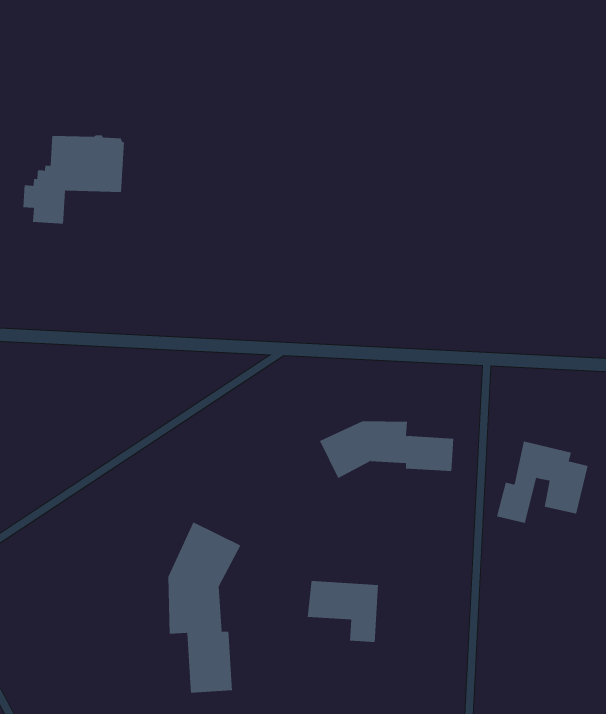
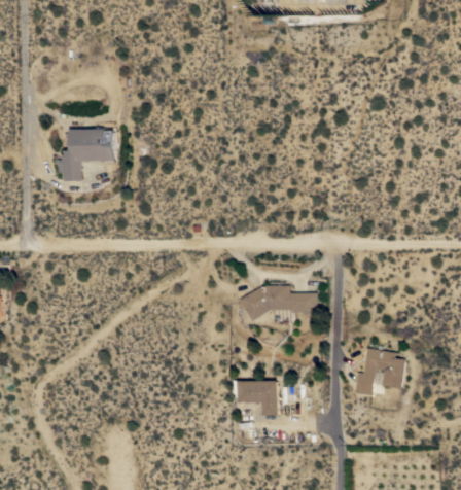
building: [496,441,588,523] -> [353,348,405,396]
building: [168,521,241,693] -> none

